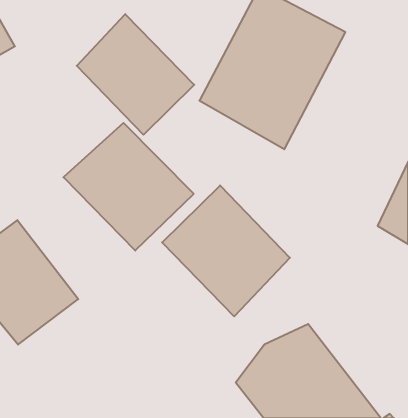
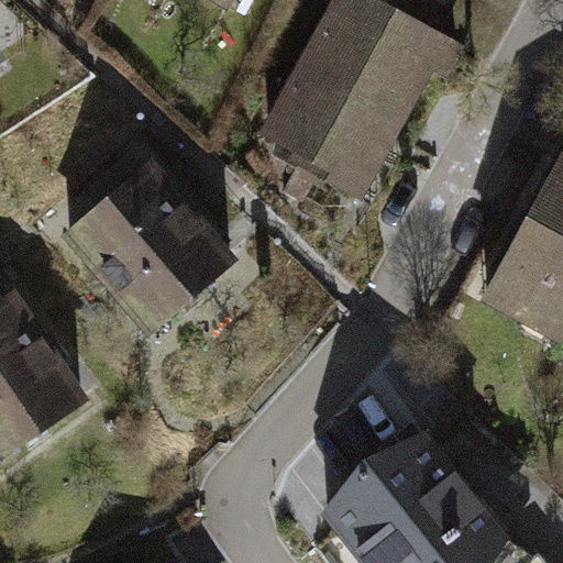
building: [77,14,194,135] -> none
building: [162,185,290,316] -> none

